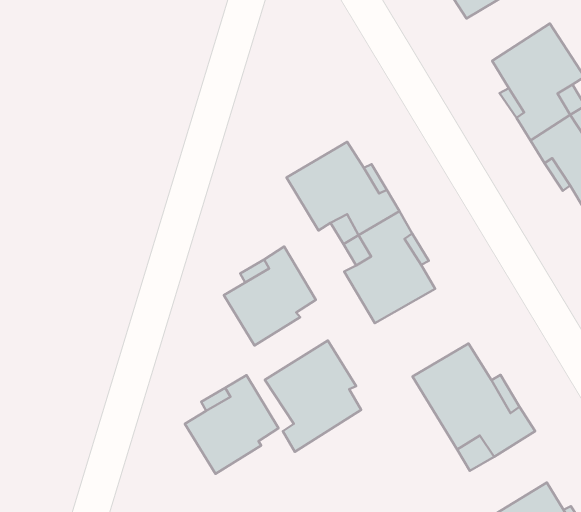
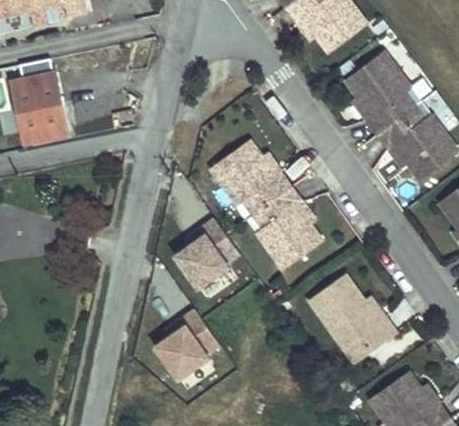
building: none -> [11,73,66,144]
building: [265,340,361,452] -> none

